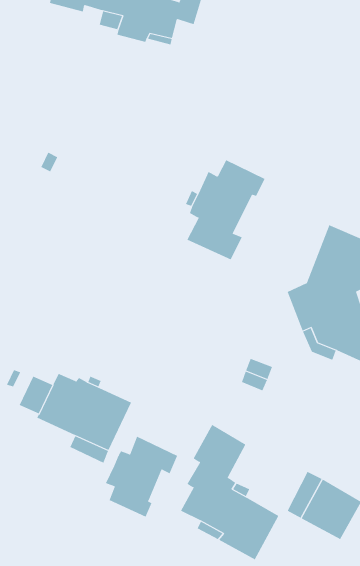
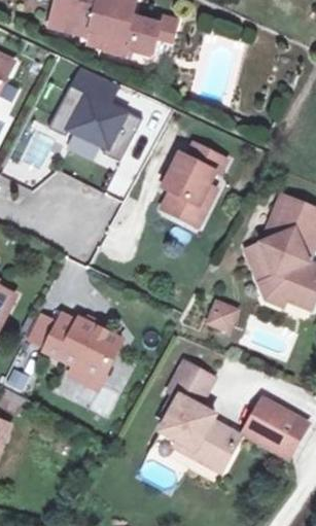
building: none -> [47,66,140,163]
building: [105,436,178,517] -> none

